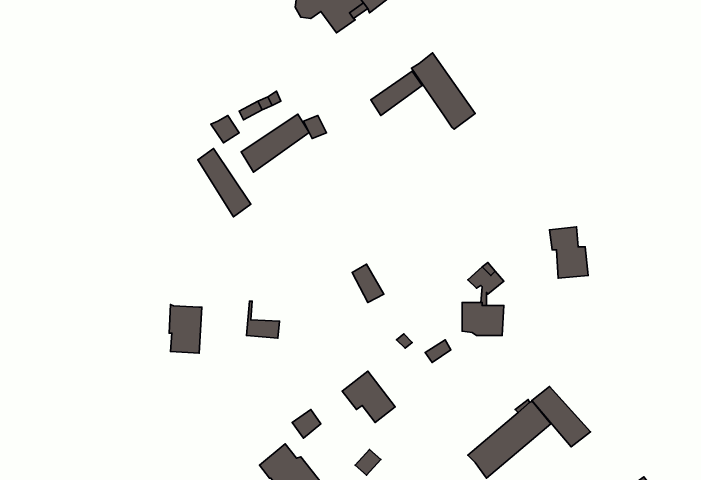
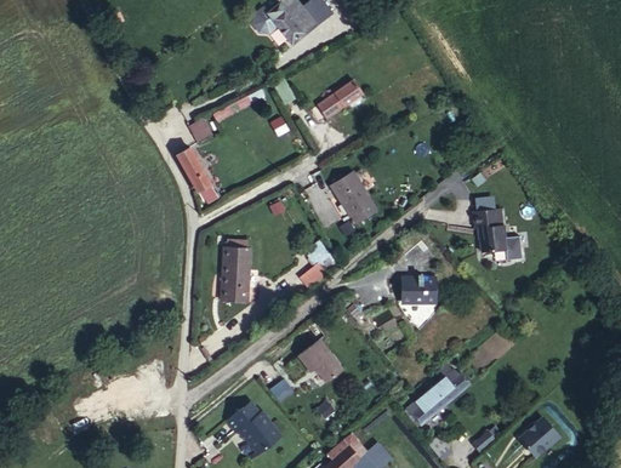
building: [411,53,475,129] -> none
building: [241,114,309,172] -> none
building: none -> [331,176,377,228]
building: [169,304,202,353] -> [220,251,247,292]
building: [532,387,591,447] -> none

